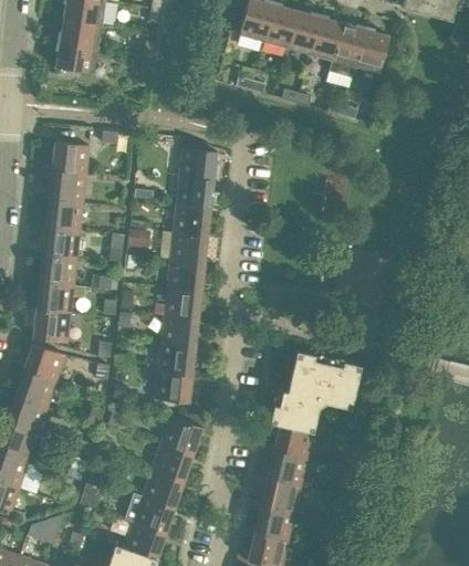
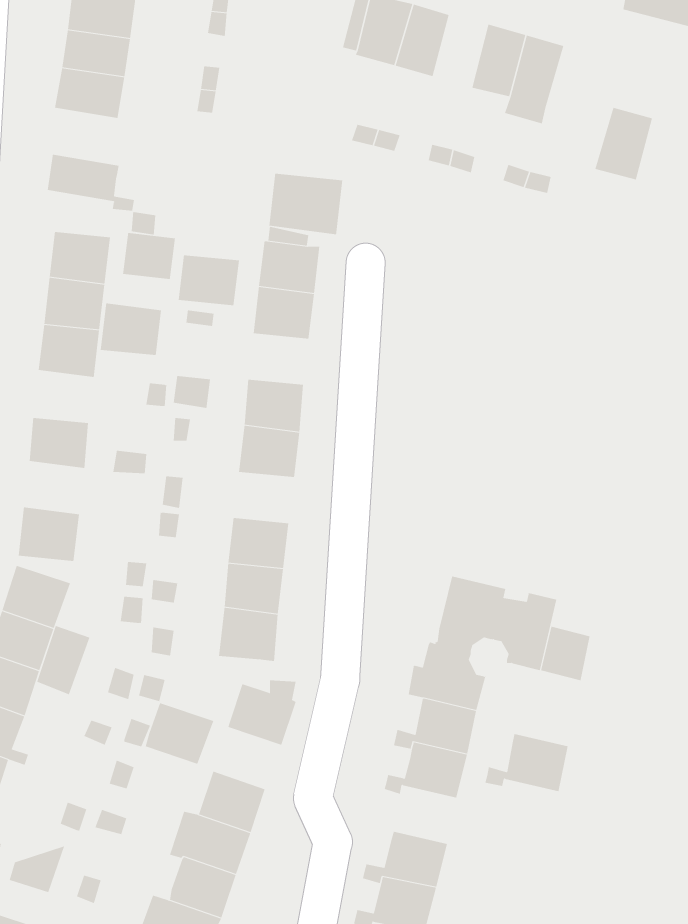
building: [285,11,319,55] -> none
building: [354,30,389,74] -> [594,107,653,180]
building: none -> [47,154,134,212]
building: none -> [269,173,343,235]
building: none -> [123,232,176,280]
building: [173,205,210,235] -> [178,255,240,306]
building: [42,227,80,259] -> [100,303,162,356]
building: [37,282,84,314] -> none
building: [155,289,201,319] -> none
building: none -> [37,625,90,695]
building: none -> [541,626,590,681]
building: [152,443,194,481] -> [145,703,214,765]
building: [249,479,300,514] -> [485,734,568,792]

